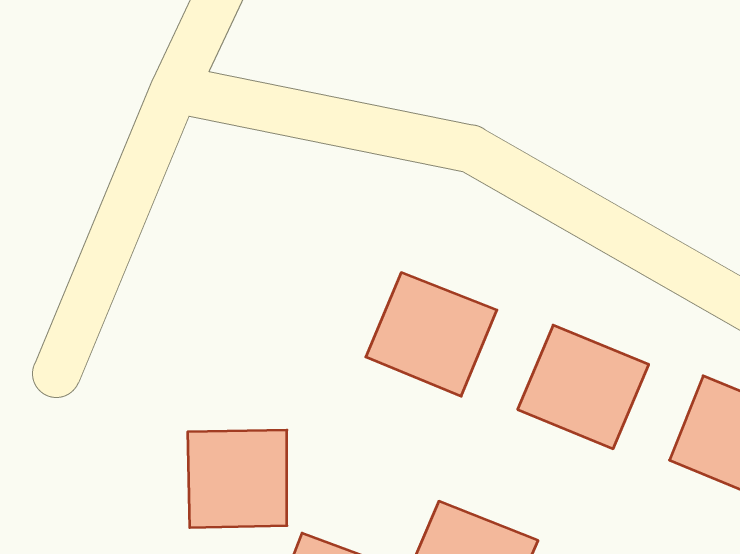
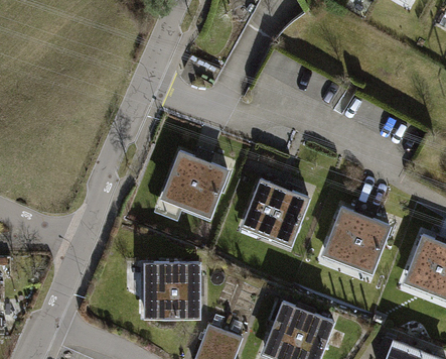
building: none -> [161,150,232,217]

